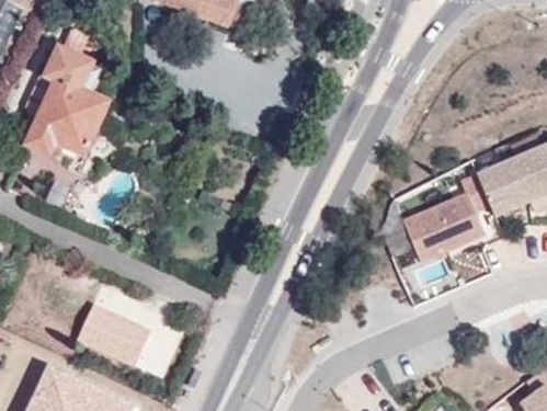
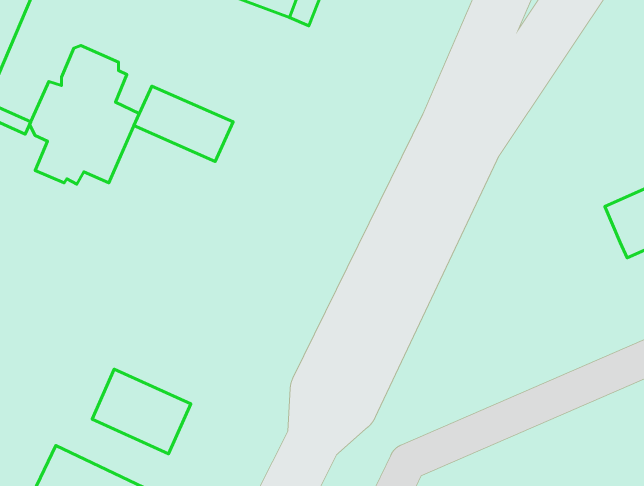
building: none -> [134,86,233,161]
building: [403,174,490,260] -> none

